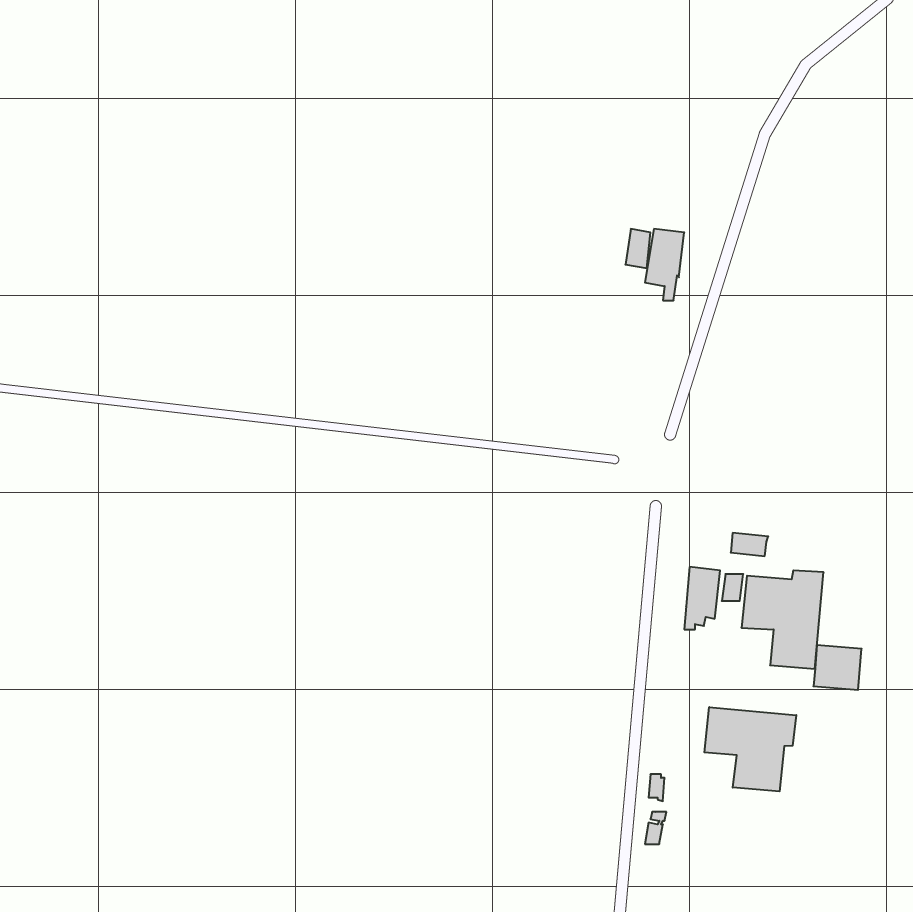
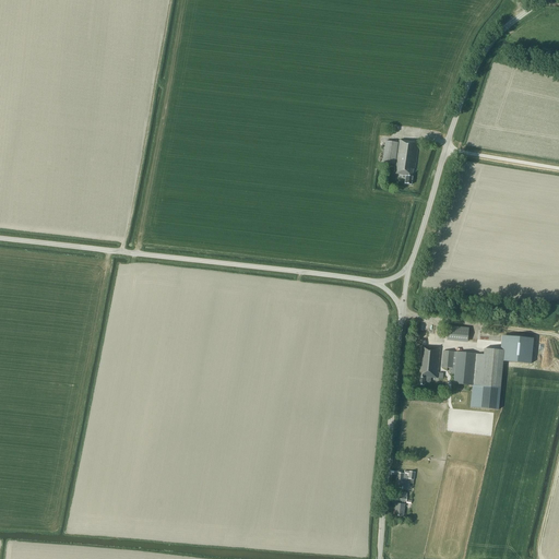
building: [813,645,862,690] -> [503,335,533,362]
building: [704,707,796,791] -> none

